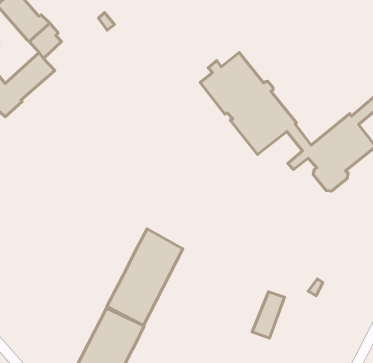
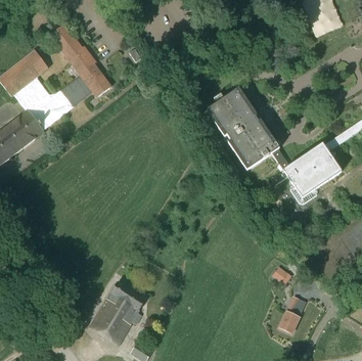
building: none -> [83,69,111,97]
building: [107,229,183,326] -> none
building: [252,292,284,338] -> [278,297,306,333]

